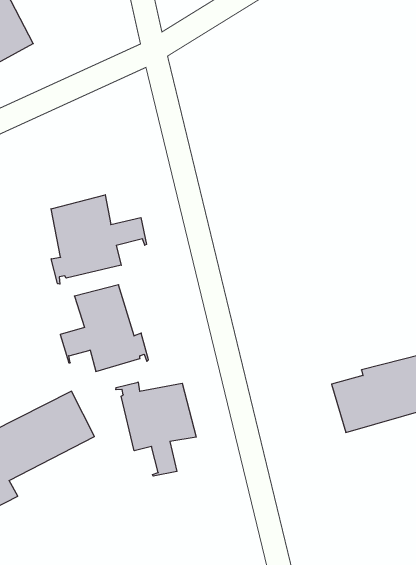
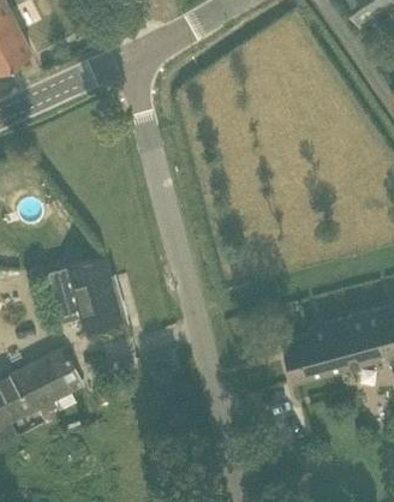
building: [51,195,146,284] -> none
building: [116,382,196,476] -> none

